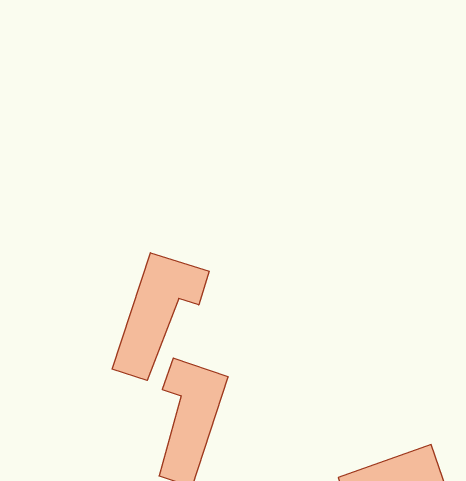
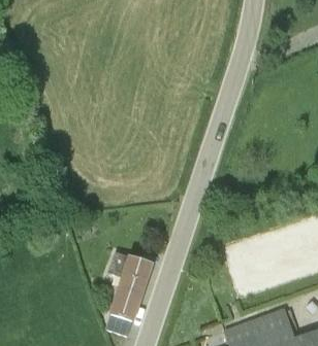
building: [112,253,209,380] -> none

